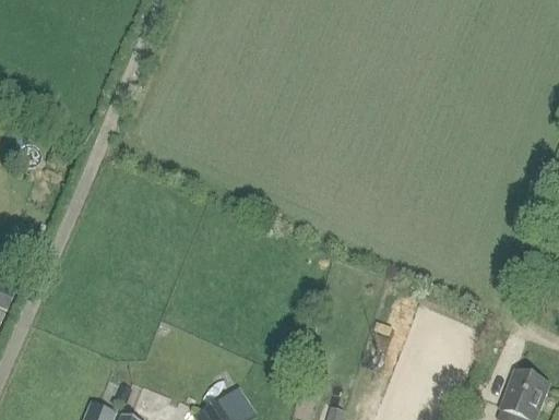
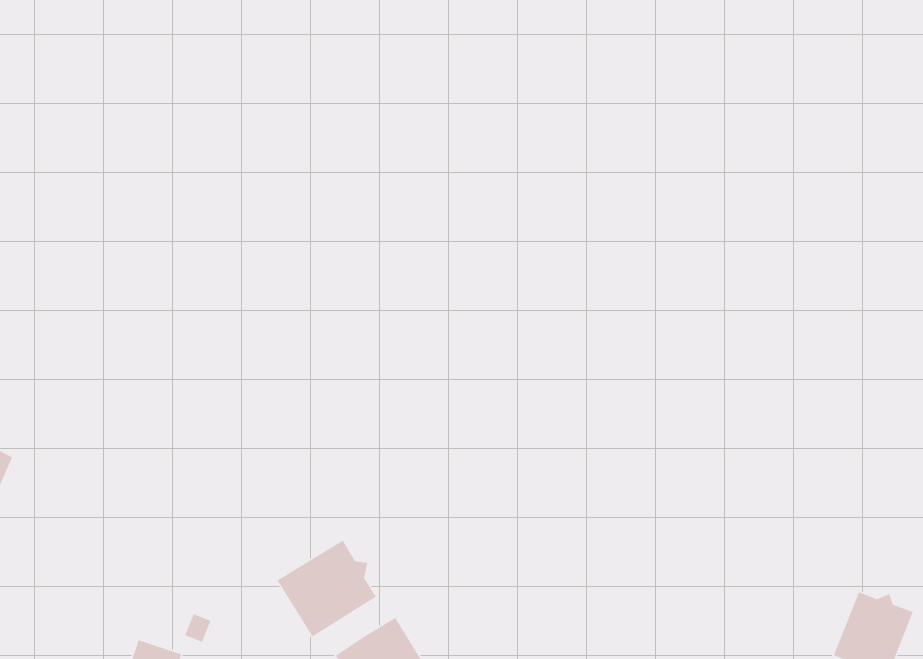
building: none -> [276,540,377,637]

